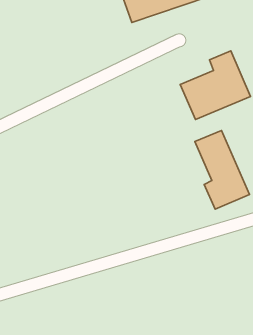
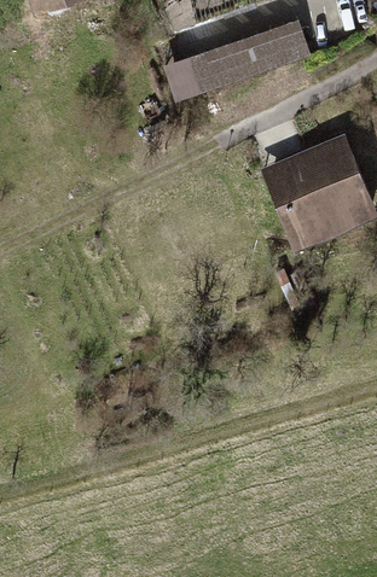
building: [195,131,250,209] -> none

